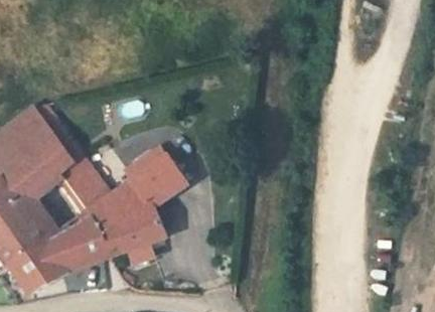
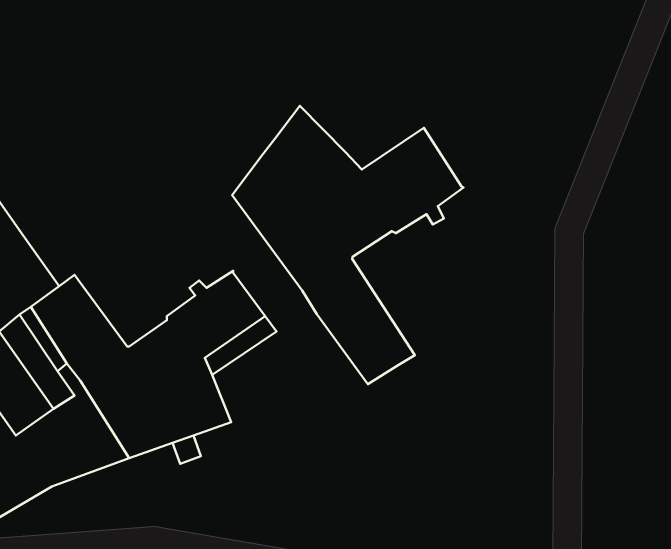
building: none -> [232,106,464,384]

